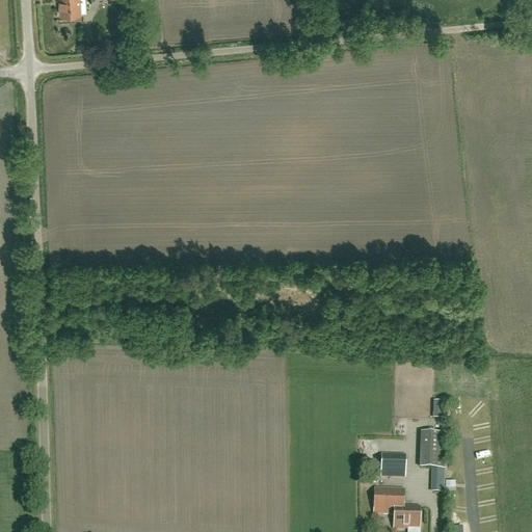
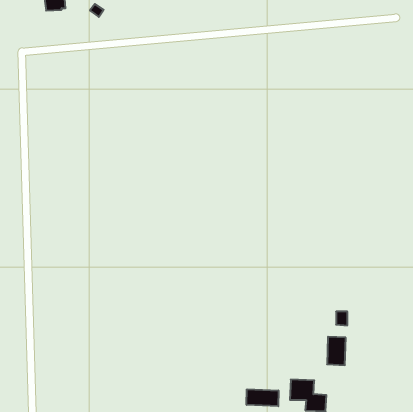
building: [379,454,405,478] -> none
building: none -> [247,389,278,406]

